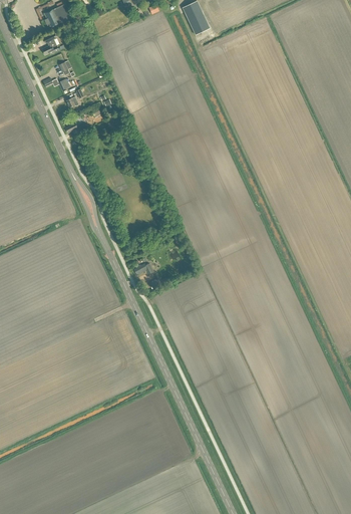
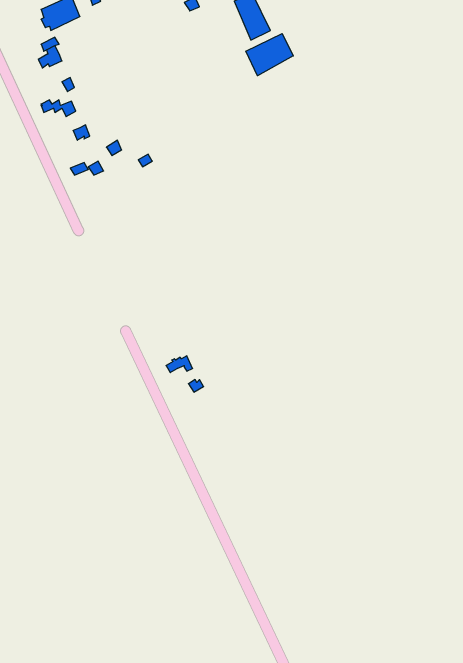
building: none -> [246,34,293,76]

